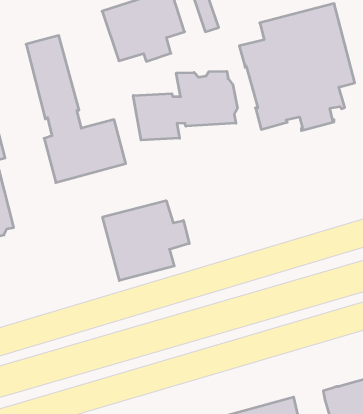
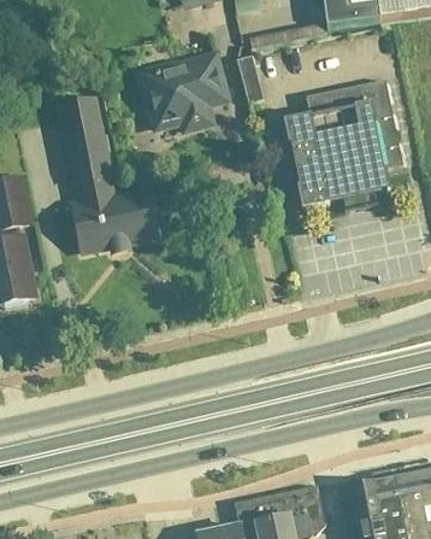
building: [133,71,237,140] -> none
building: [103,201,189,281] -> none

